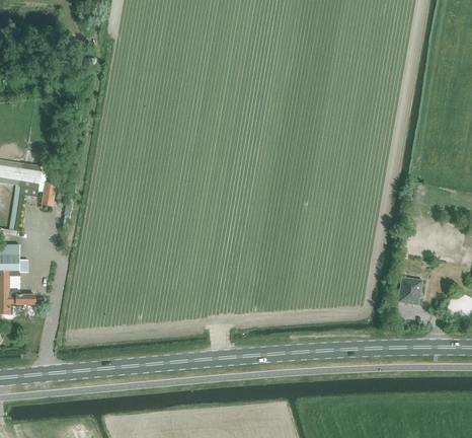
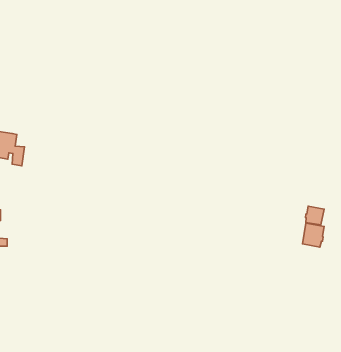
building: none -> [305,206,324,225]

